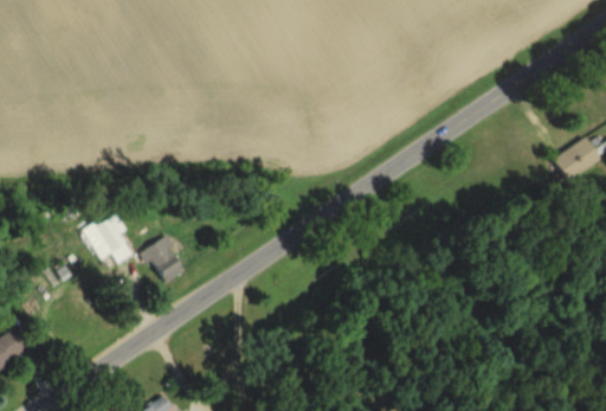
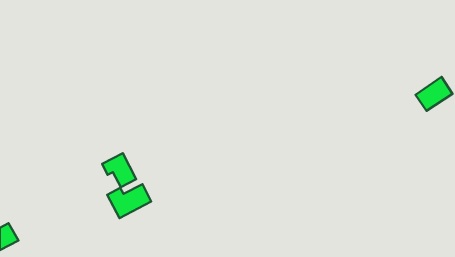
building: [89,218,129,264] -> none
building: none -> [107,184,151,218]

